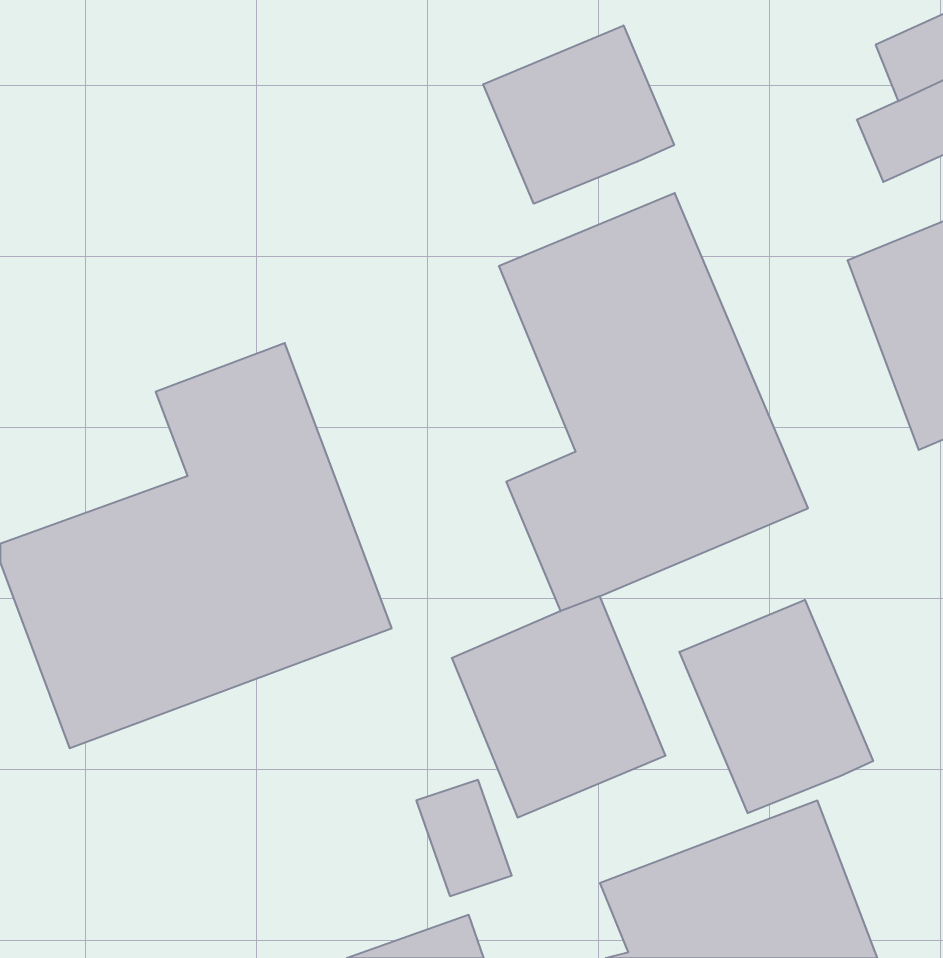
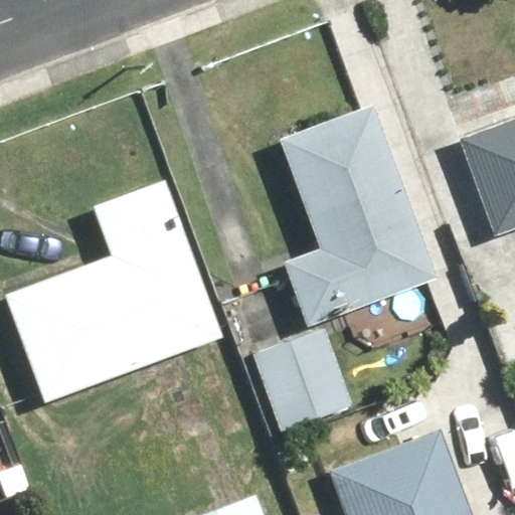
building: [483,25,674,204] -> none
building: [679,600,873,813] -> none

